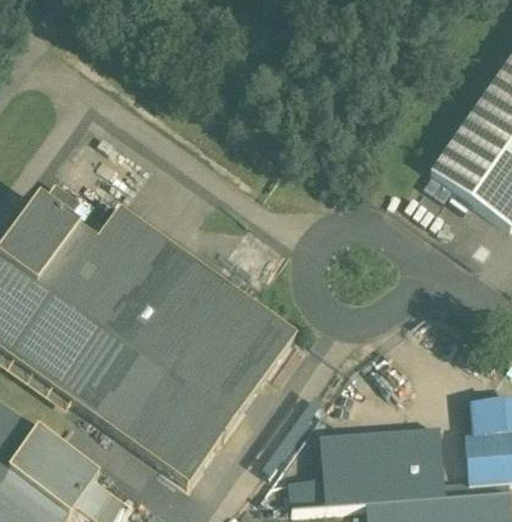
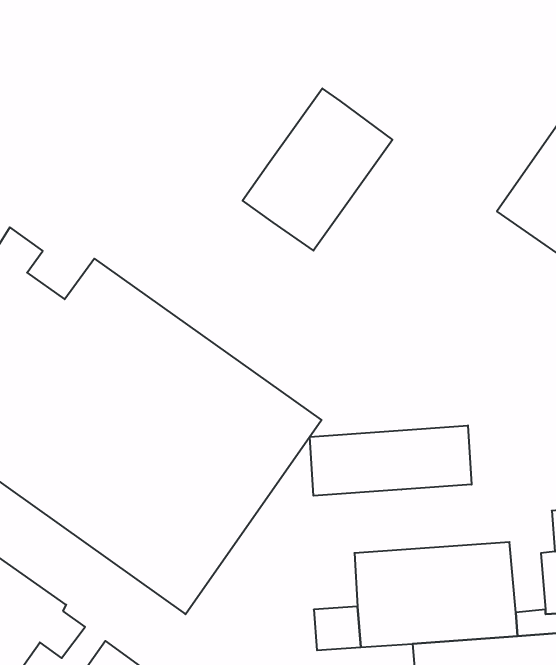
building: none -> [243,88,392,251]
building: none -> [310,425,472,496]

